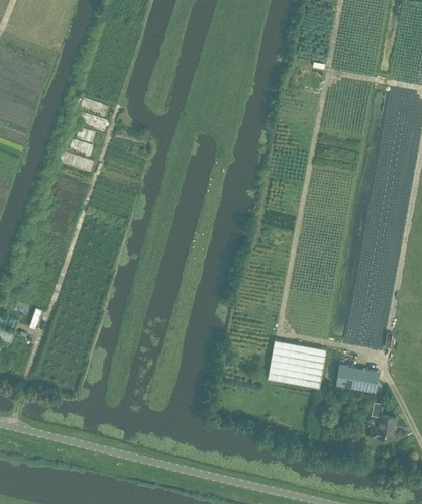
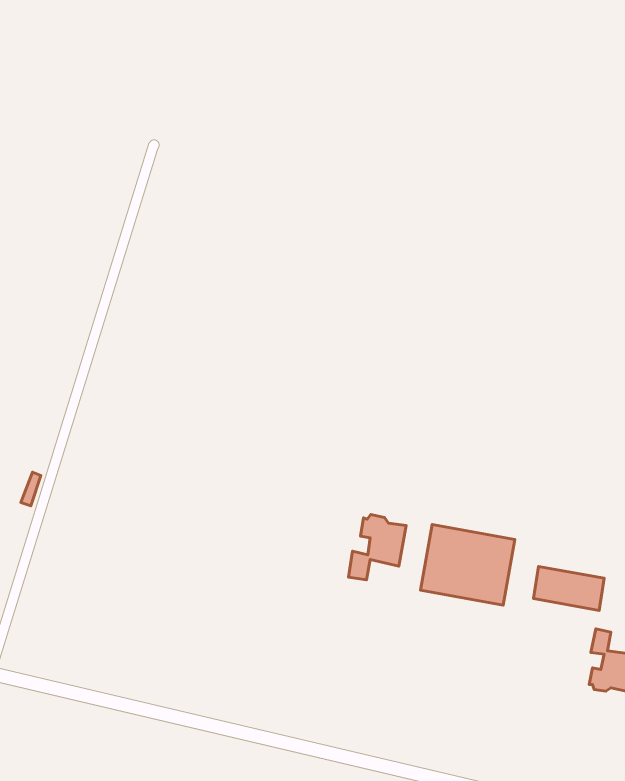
building: none -> [349,515,406,580]

